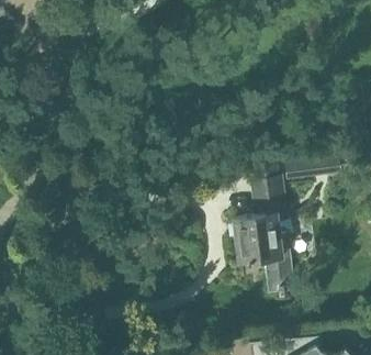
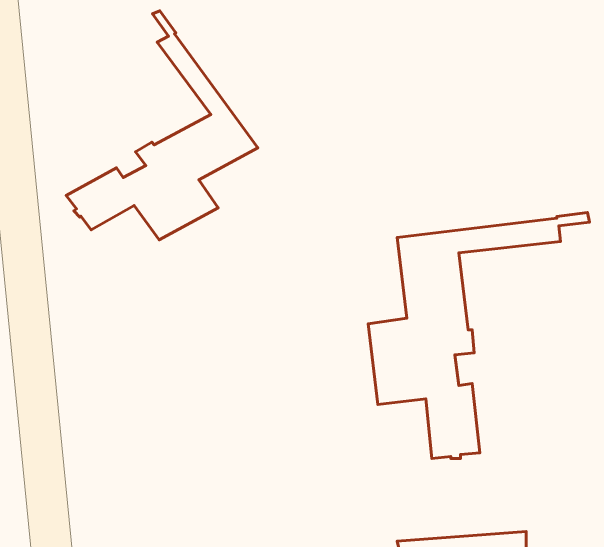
building: none -> [66,11,258,240]

